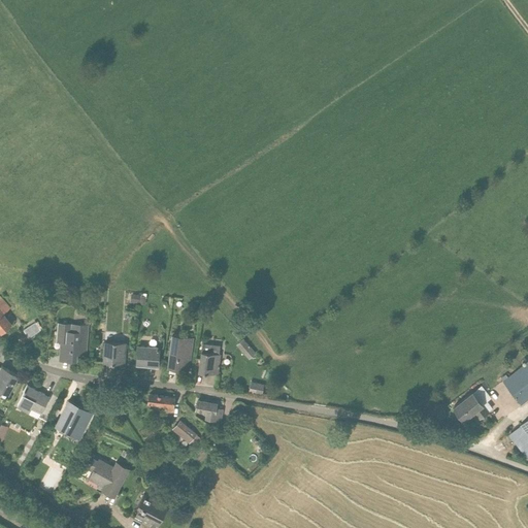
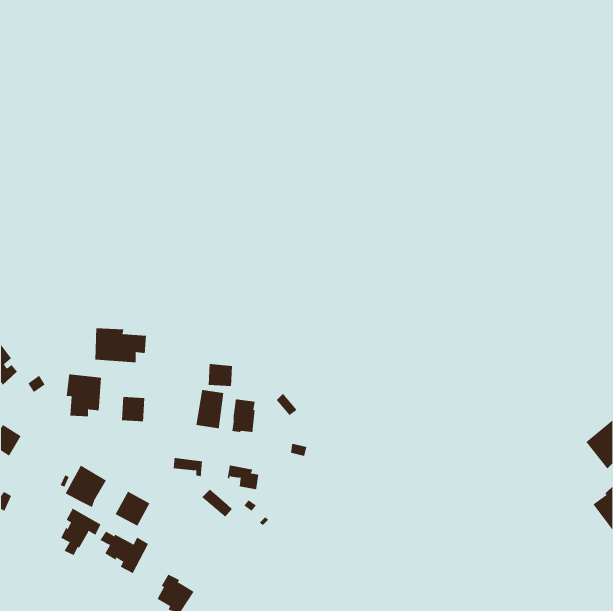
building: none -> [95,328,147,363]
building: [137,346,159,366] -> [208,364,233,386]
building: [16,386,50,412] -> none
building: [454,393,488,420] -> none
building: none -> [115,491,150,527]
building: none -> [60,508,101,556]

